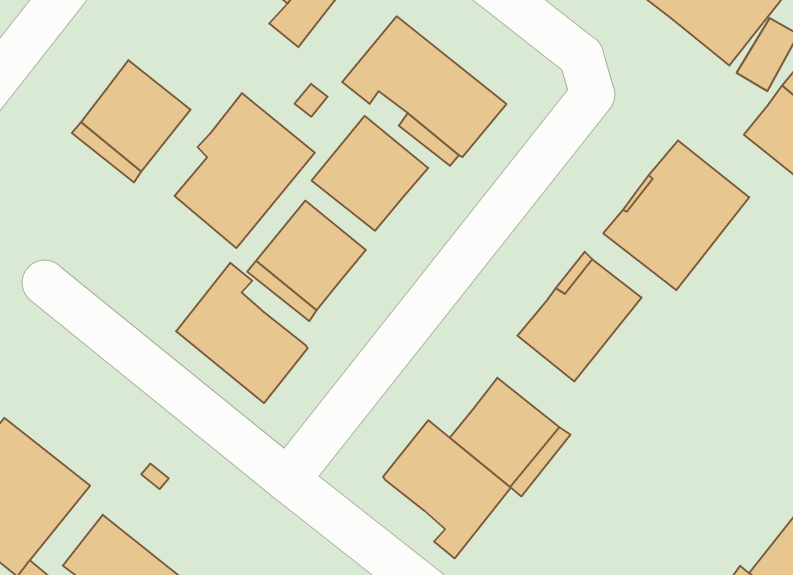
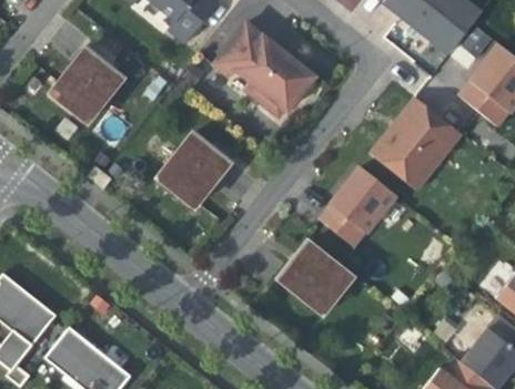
building: [175,93,315,248] -> none
building: [312,116,428,231] -> none
building: [176,263,308,403] -> none
building: [383,420,511,558] -> none

